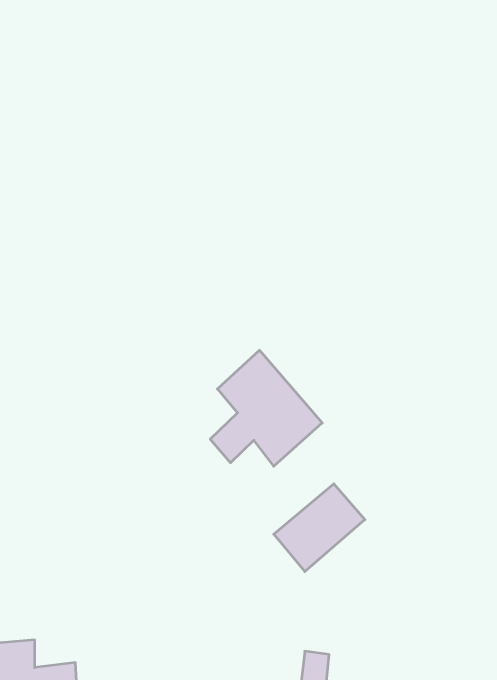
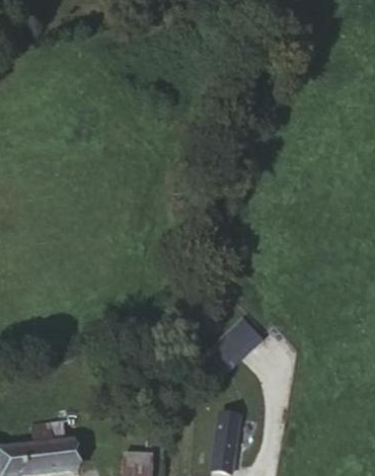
building: [210,350,322,466] -> none

